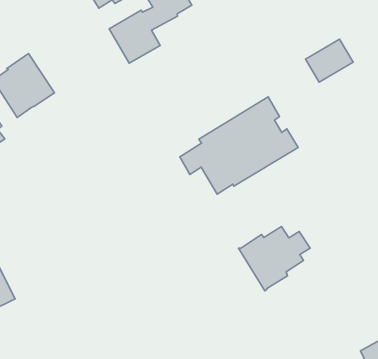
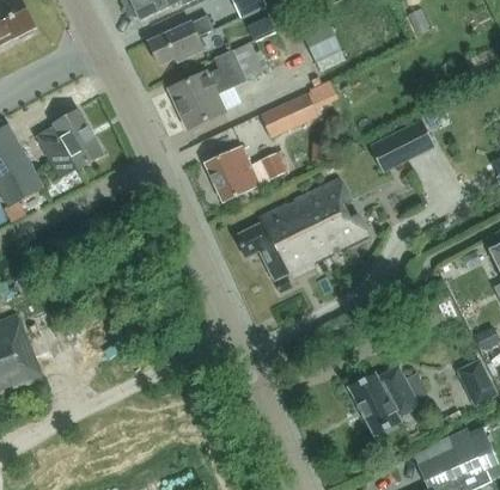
building: none -> [258,92,317,137]
building: none -> [205,146,283,201]
building: [239,227,310,291] -> [348,366,427,435]

